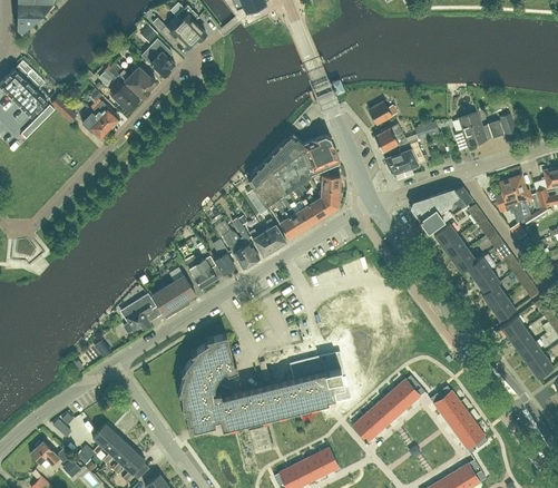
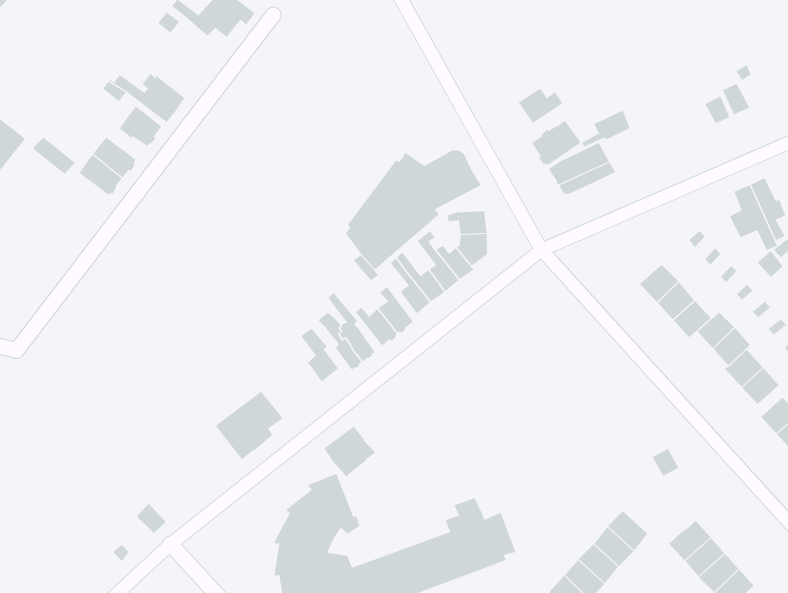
building: [143,41,175,76] -> none
building: [459,113,487,147] -> none
building: [411,187,472,233] -> none
building: [189,256,223,289] -> [324,426,376,477]
building: [125,302,151,333] -> none

